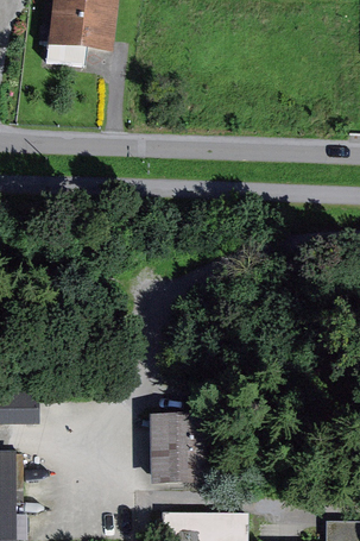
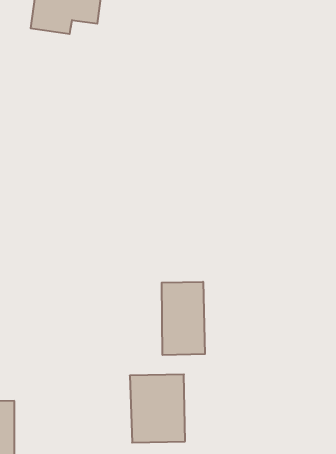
building: none -> [162,282,205,355]

